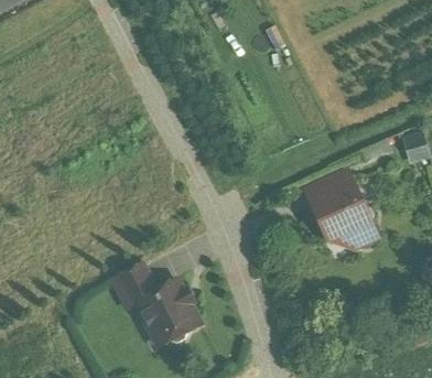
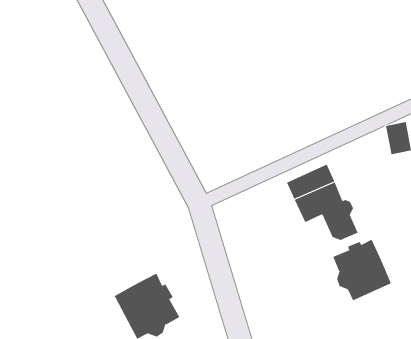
building: none -> [332,239,392,301]
building: [111,261,156,307] -> none

